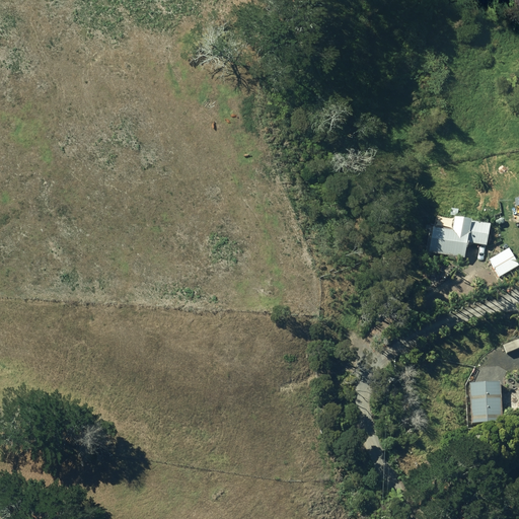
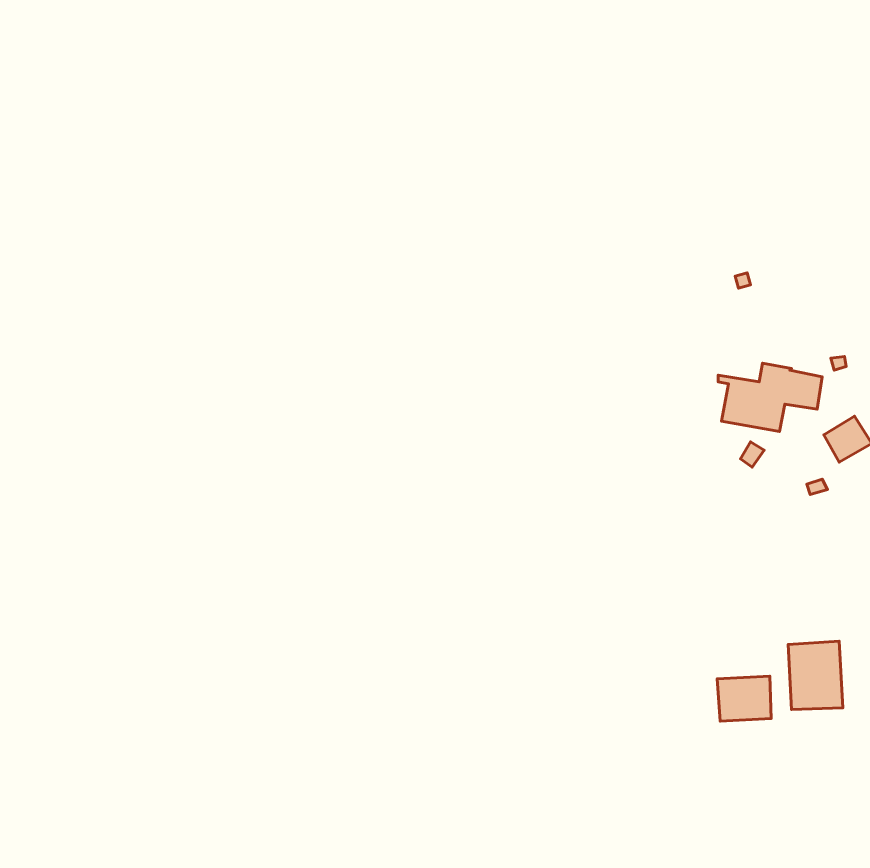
building: none -> [717,676,771,721]

